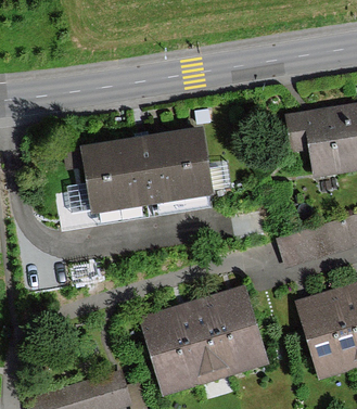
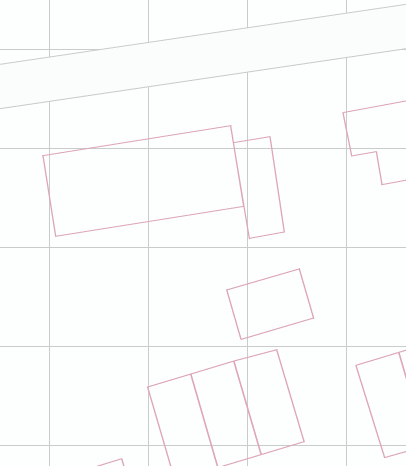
building: none -> [234,137,284,239]
building: none -> [227,269,314,339]

